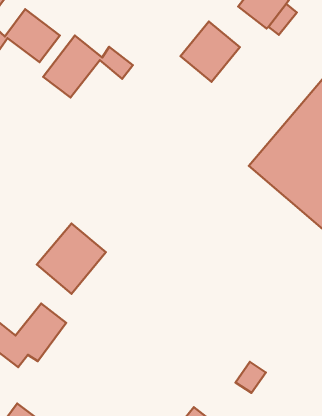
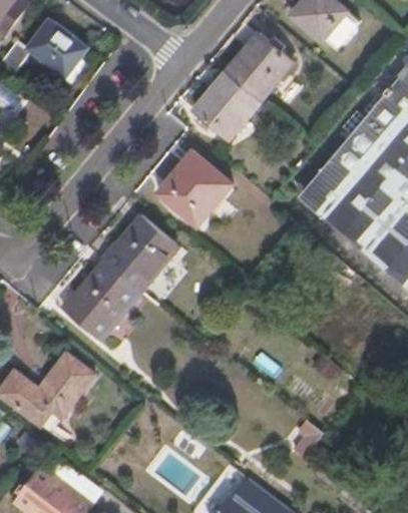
building: [43,36,133,98] -> none
building: none -> [191,72,259,139]
building: none -> [156,151,230,225]
building: none -> [100,214,177,294]

